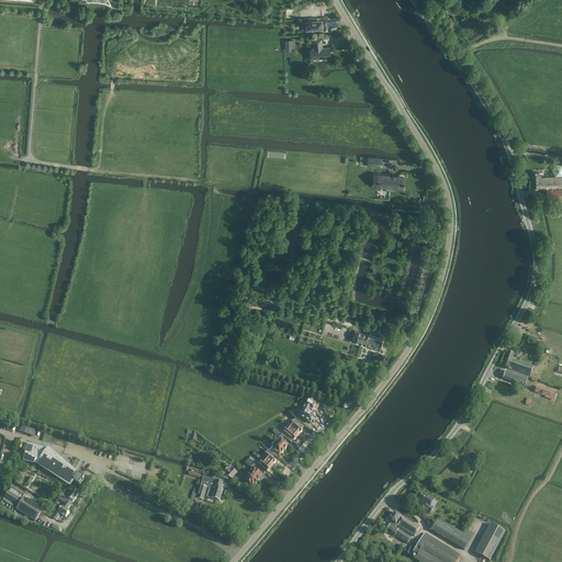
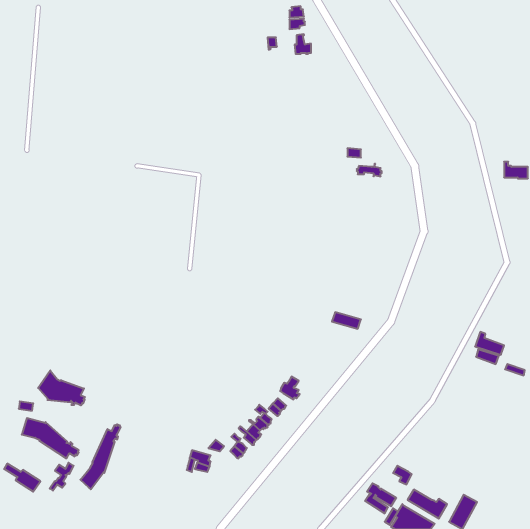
building: none -> [38,370,85,405]
building: none -> [80,424,121,489]

